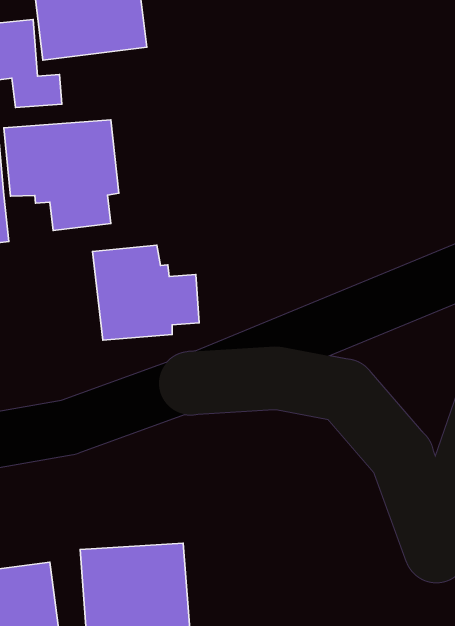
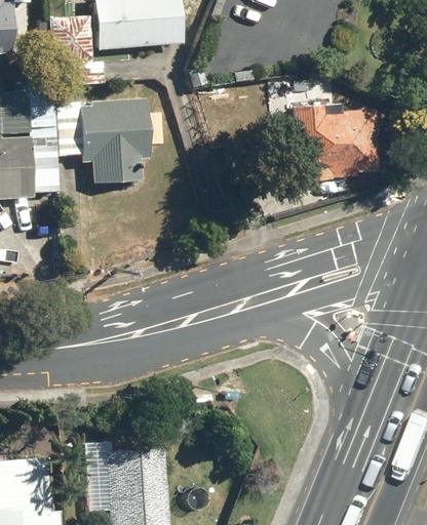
building: none -> [290,102,372,183]
building: [92,245,199,340] -> none

